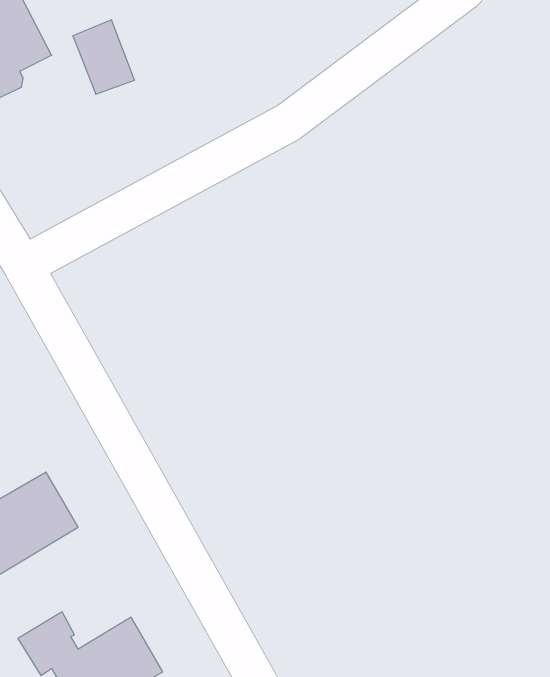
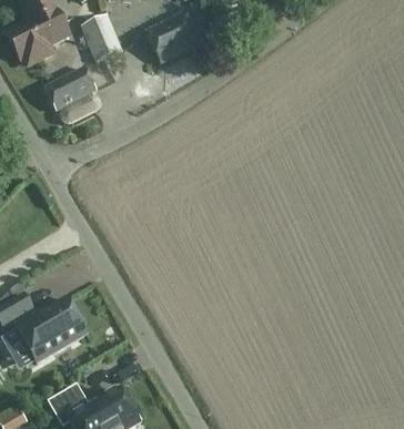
building: none -> [145,10,205,64]
building: none -> [44,67,101,123]

